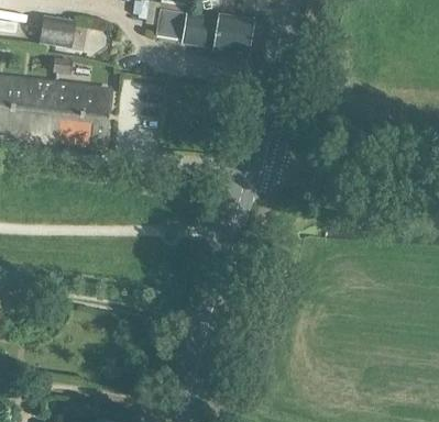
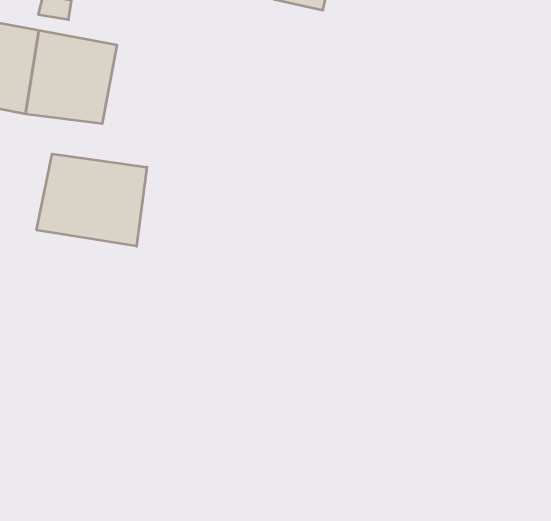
building: none -> [37,154,147,246]

